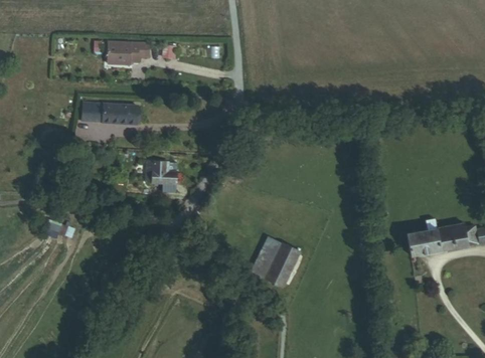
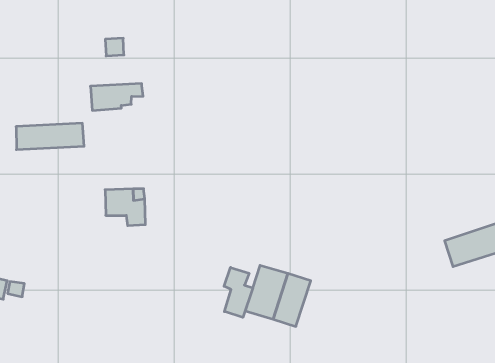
building: [111,43,152,63] -> [90,84,143,110]
building: none -> [224,267,253,317]

